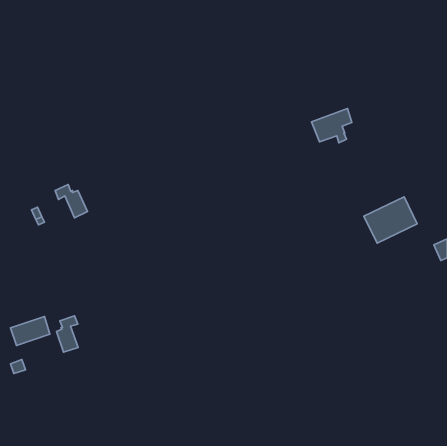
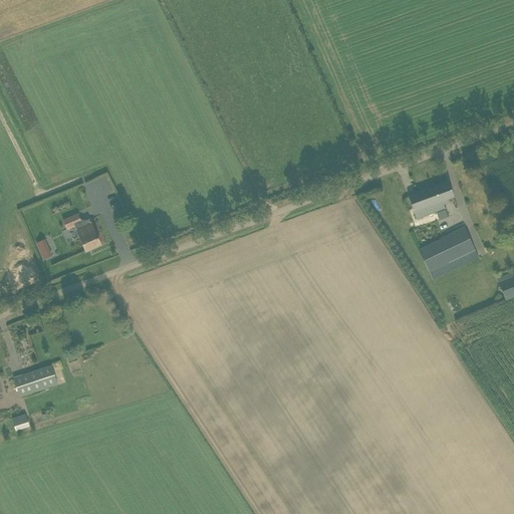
building: [312,109,352,143] -> [408,181,454,220]
building: [57,316,78,352] -> none

